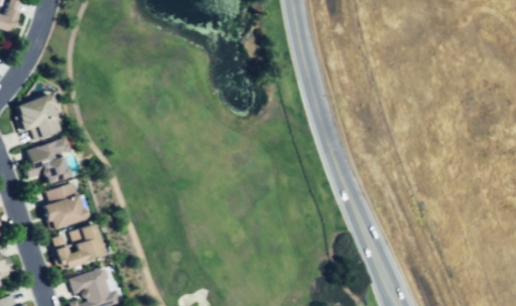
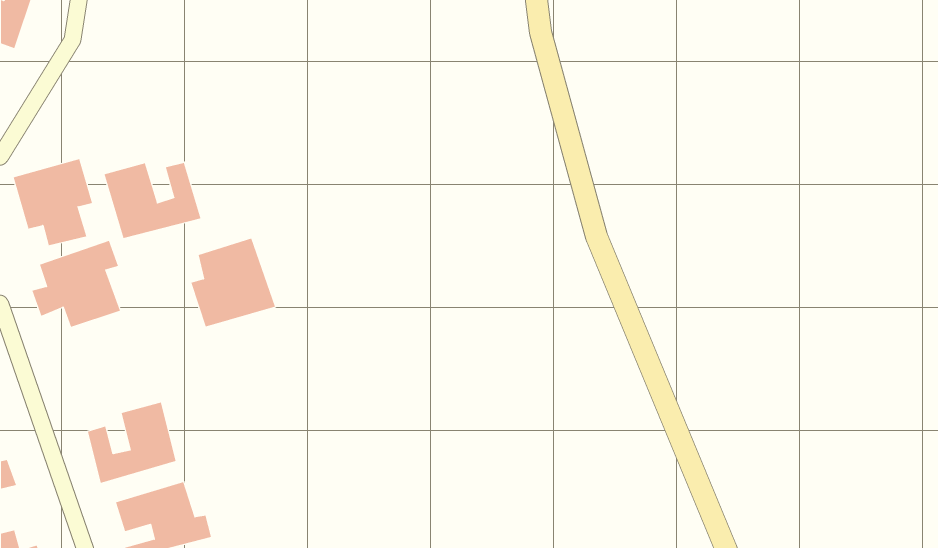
building: none -> [104,162,201,239]
building: [43,180,90,228] -> [190,238,276,327]

